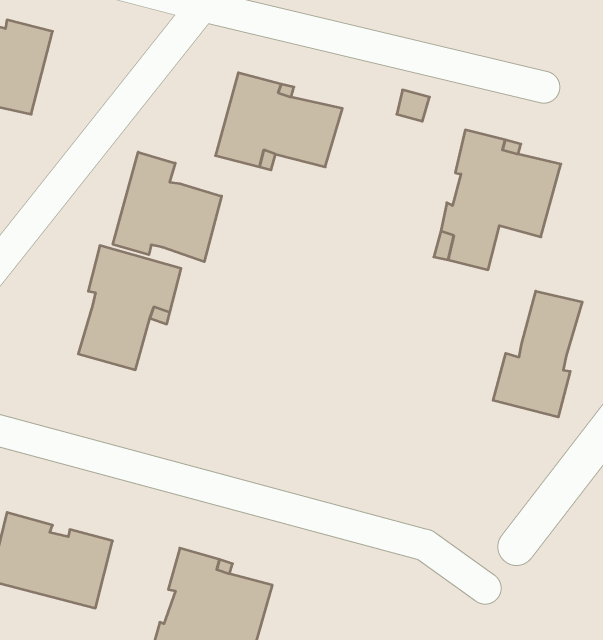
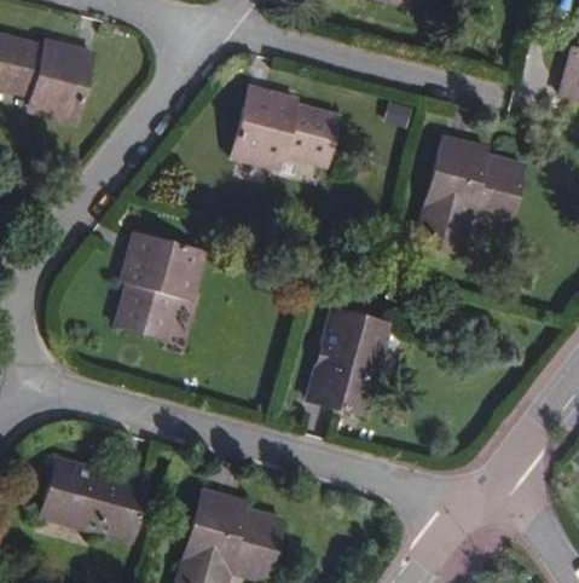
building: [113,152,222,262] -> none
building: [493,291,582,417] -> none
building: none -> [307,308,387,412]

